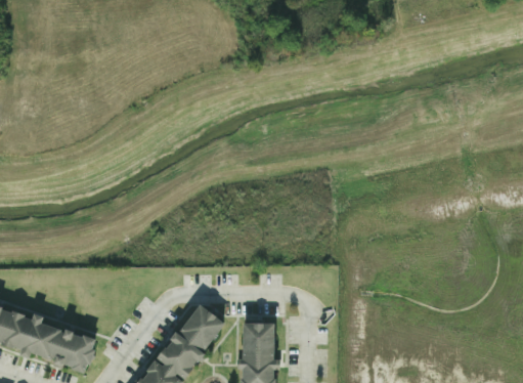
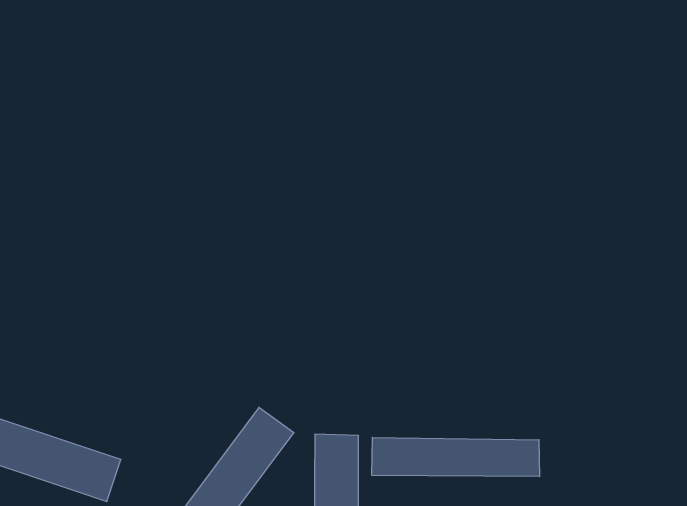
building: none -> [372,437,540,477]

